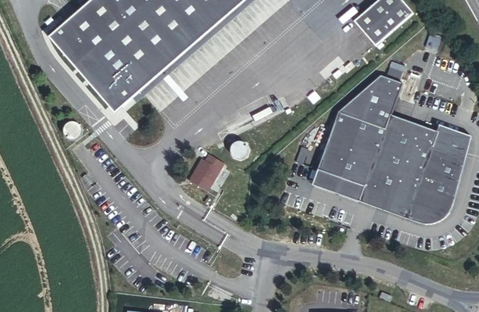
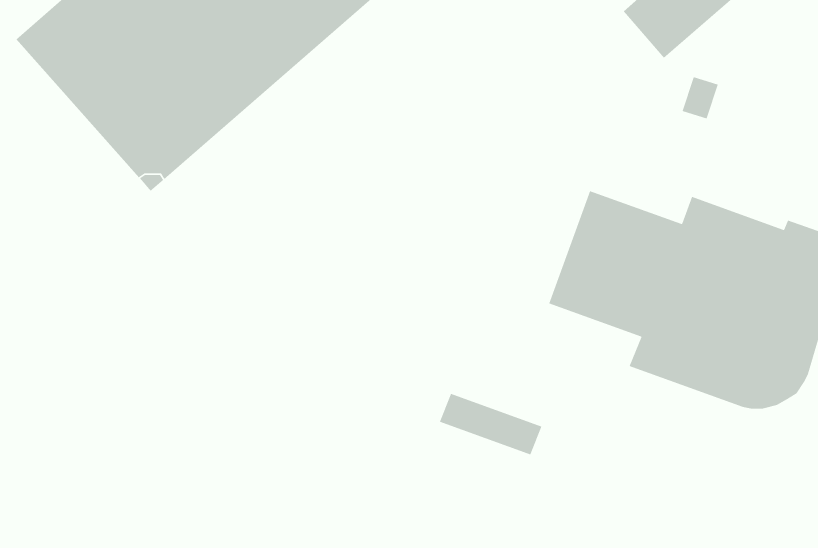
building: [339,74,404,127] -> none
building: [193,156,228,193] -> none
building: [312,168,365,200] -> [439,393,543,456]

